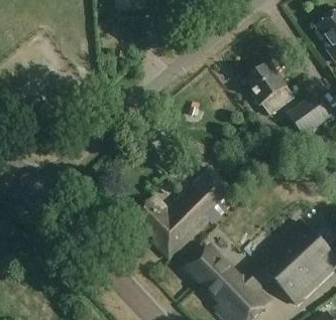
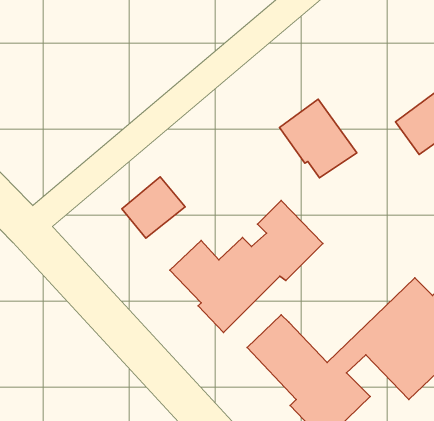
building: [242,61,295,115] -> [280,99,357,178]
building: none -> [122,177,185,238]

